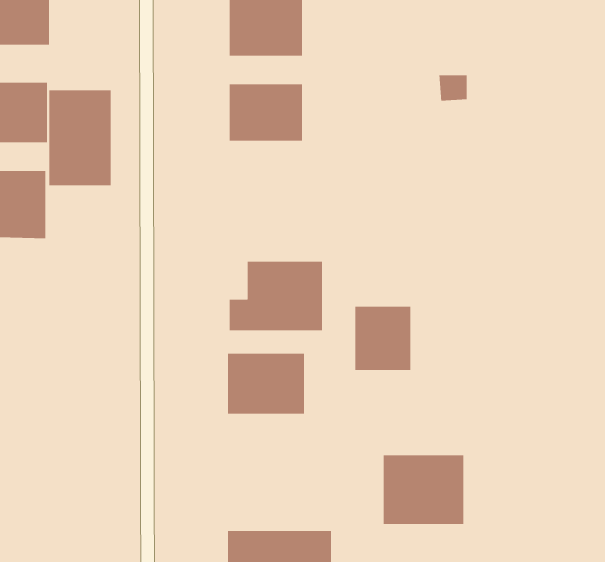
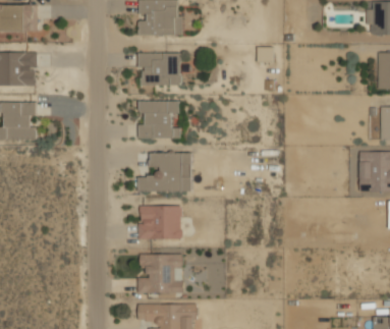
building: [49,90,112,186] -> none
building: none -> [138,100,180,140]
building: [354,306,411,371] -> none
building: [383,454,464,525] -> [137,255,183,294]

